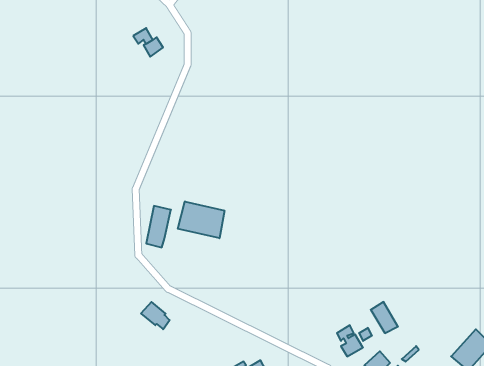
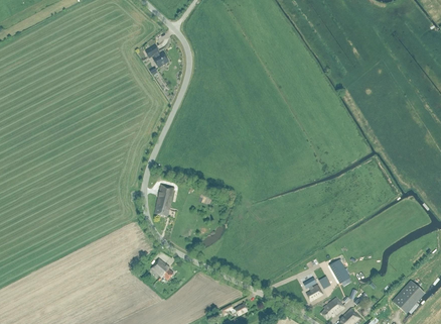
building: [178,201,224,238] -> none

